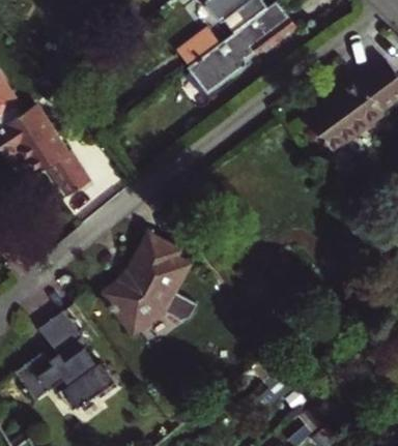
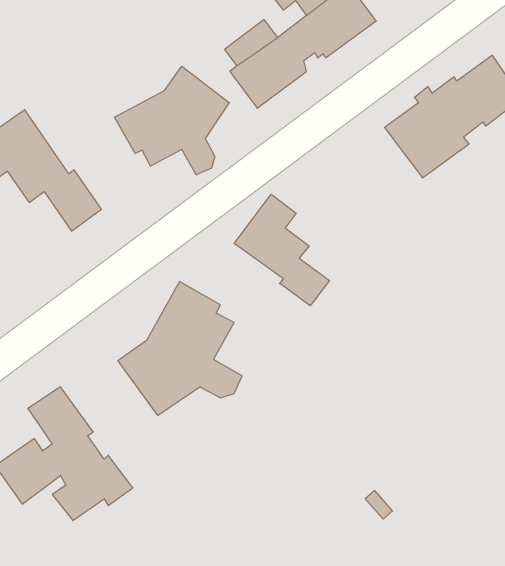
building: none -> [115,66,229,175]
building: none -> [234,194,330,306]

